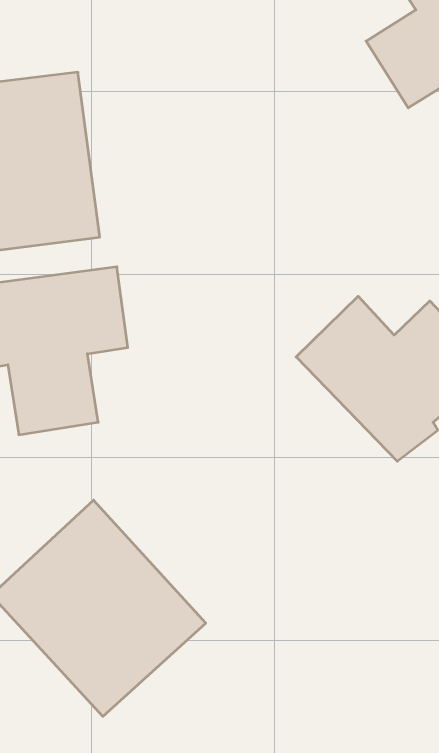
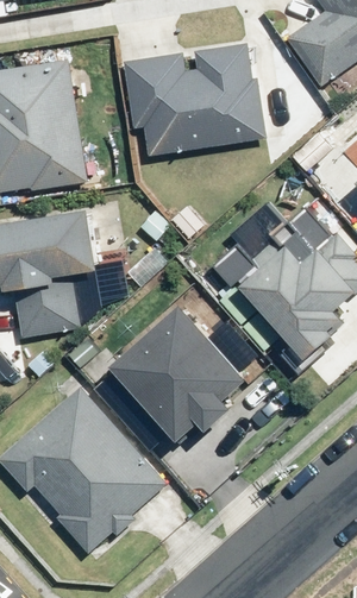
building: none -> [118,44,264,159]
building: none -> [109,301,251,441]

